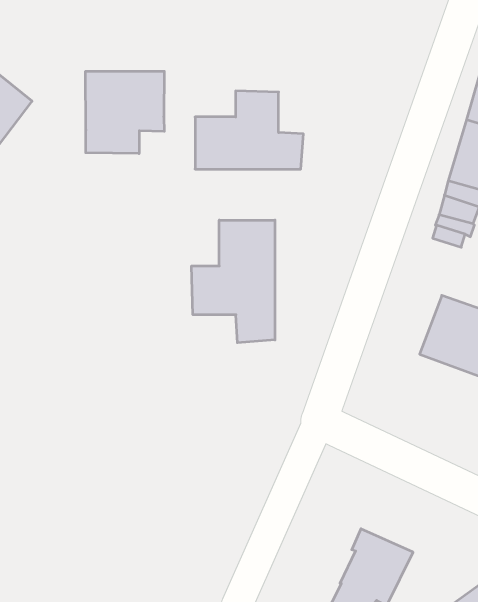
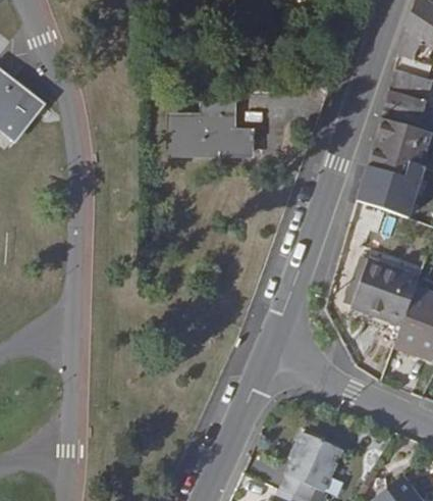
building: [86,71,164,154] -> none
building: [192,220,275,343] -> none

